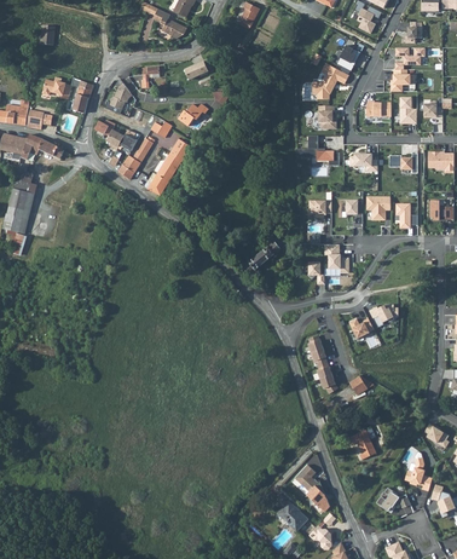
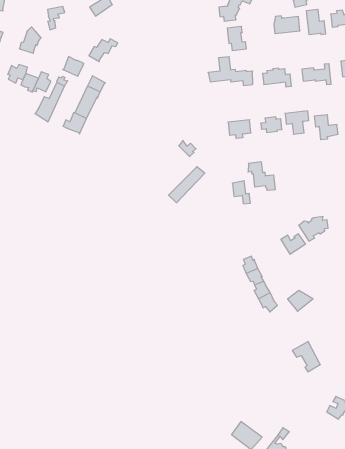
building: [295,463,334,512] -> none

